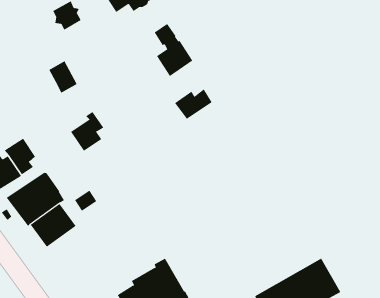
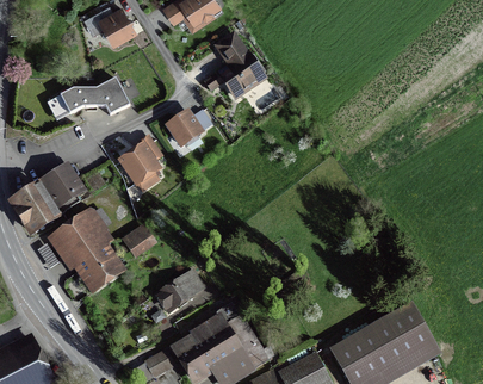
building: none -> [60,89,105,114]
building: [174,89,212,120] -> [167,110,211,145]
building: none -> [156,271,203,311]

